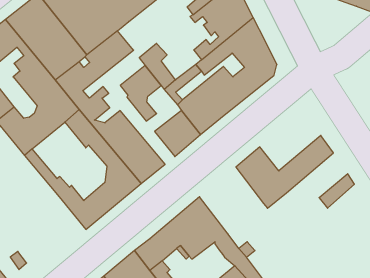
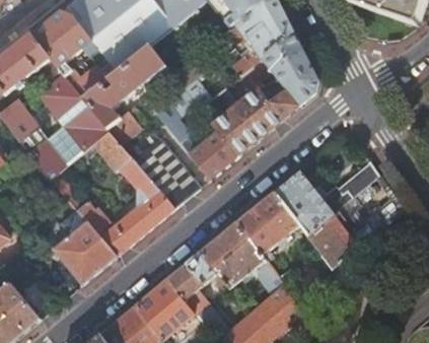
building: none -> [236,191,304,262]
building: none -> [308,218,354,268]
building: none -> [53,222,116,284]

